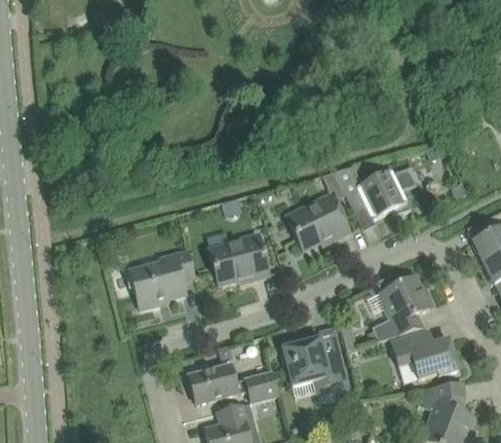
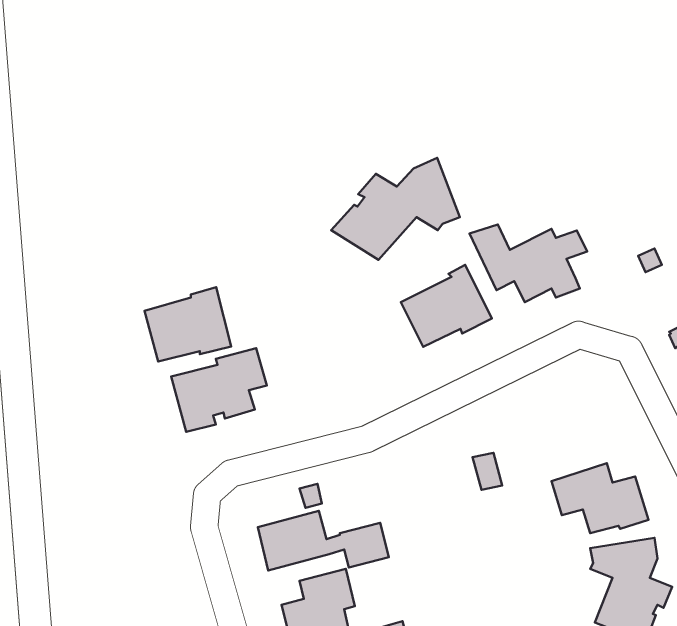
building: none -> [331,158,460,260]
building: [209,232,269,284] -> [145,287,231,362]
building: [372,272,433,340] -> none
building: [281,336,349,394] -> none

